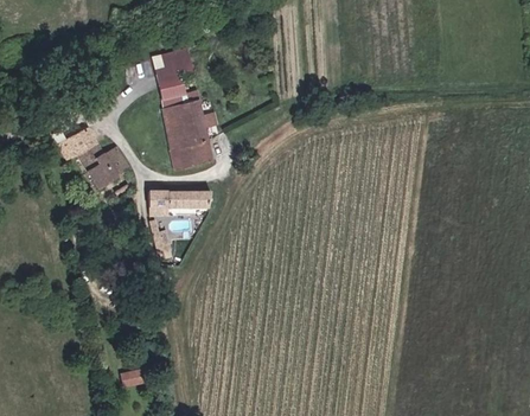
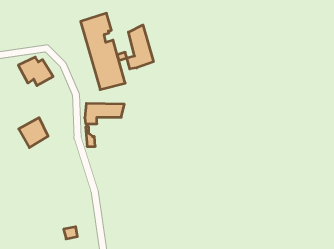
building: none -> [127,25,153,69]
building: [84,147,127,191] -> [19,118,48,148]

